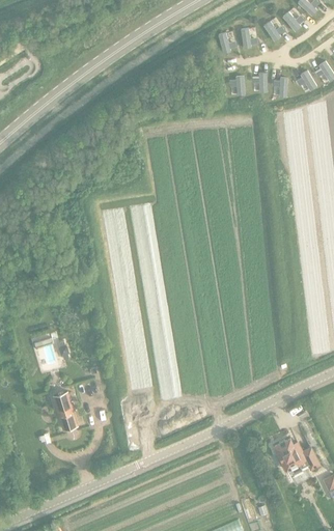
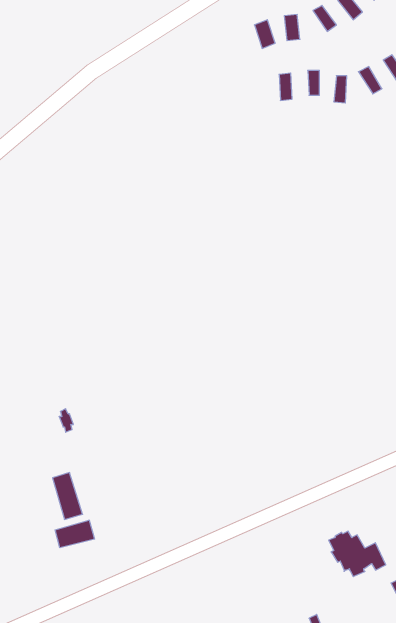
building: none -> [55,520,95,548]

